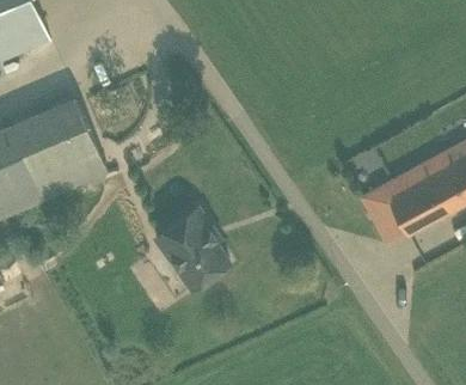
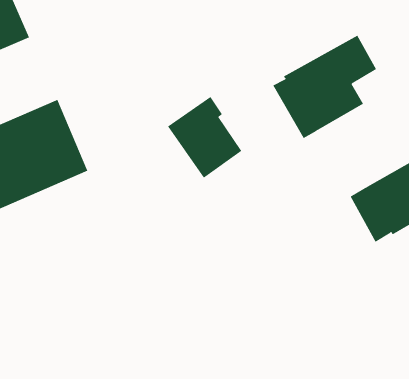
building: none -> [272,35,377,139]
building: [155,209,229,291] -> [167,96,242,179]

